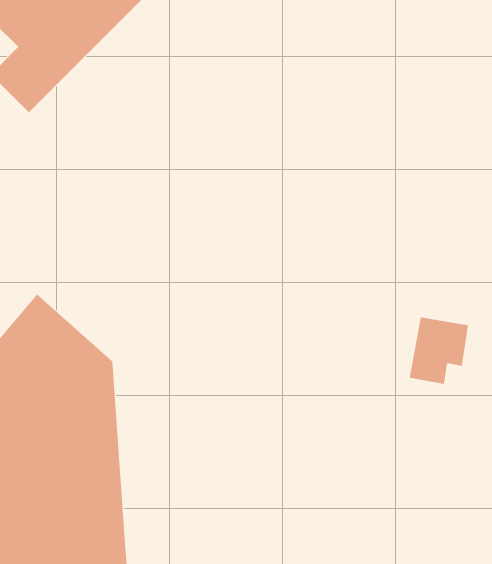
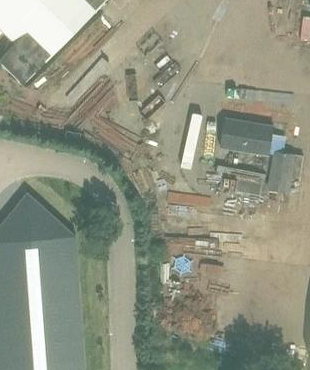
building: none -> [219,118,271,155]
building: [409,317,469,385] -> [265,150,302,192]

